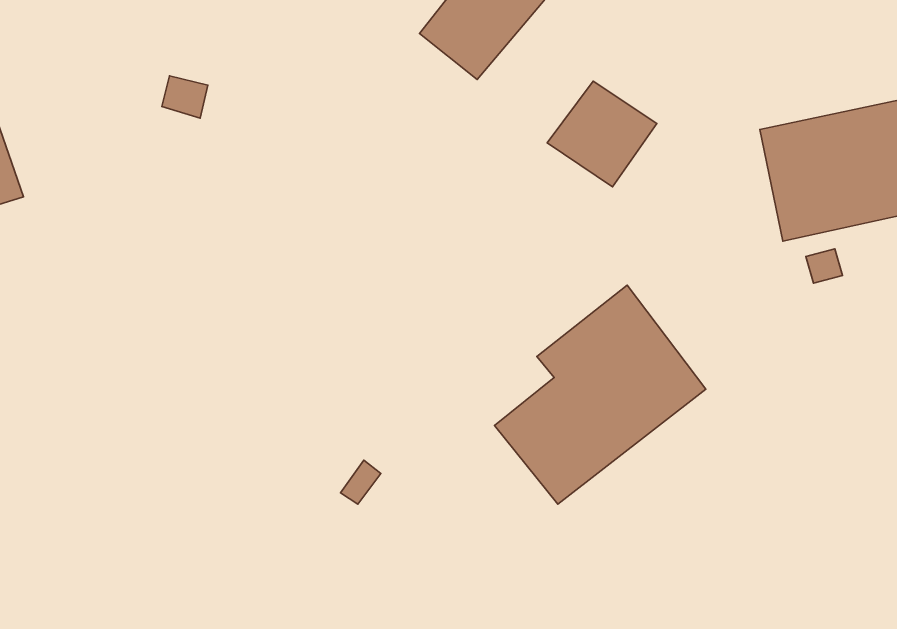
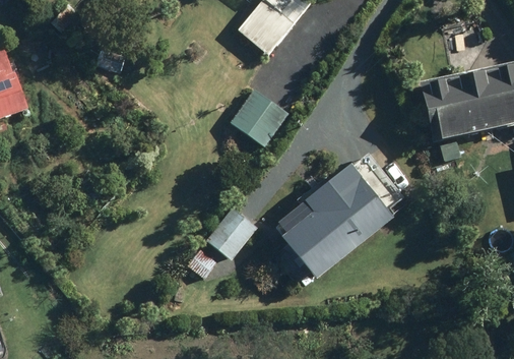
building: [547,81,657,187] -> [230,91,287,146]
building: none -> [205,206,258,260]

